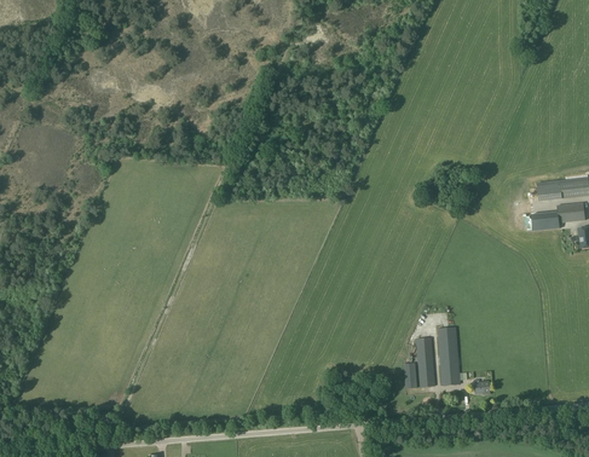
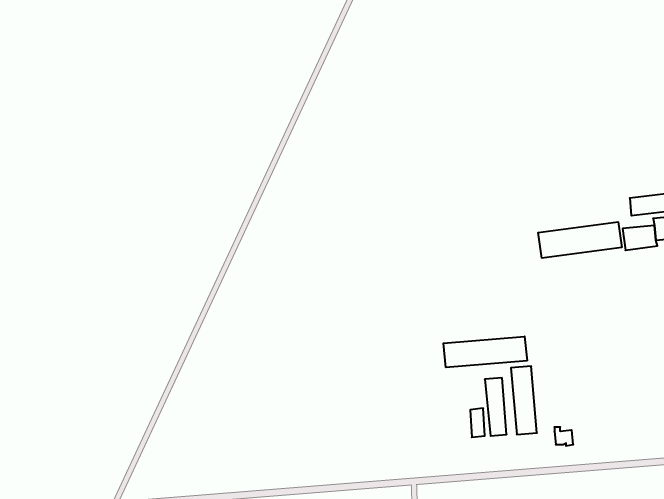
building: none -> [538,222,622,258]
building: none -> [443,336,527,367]

